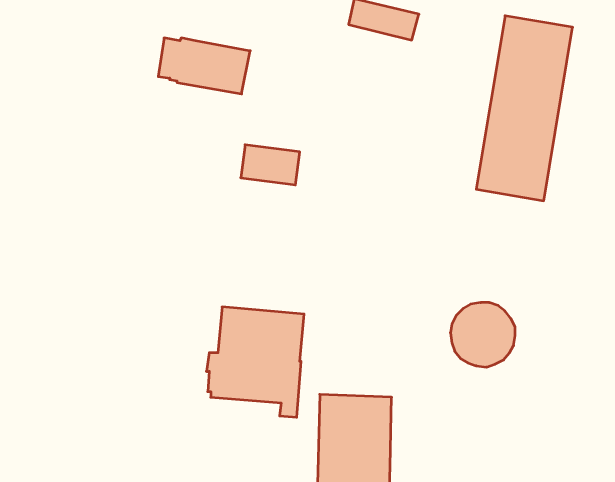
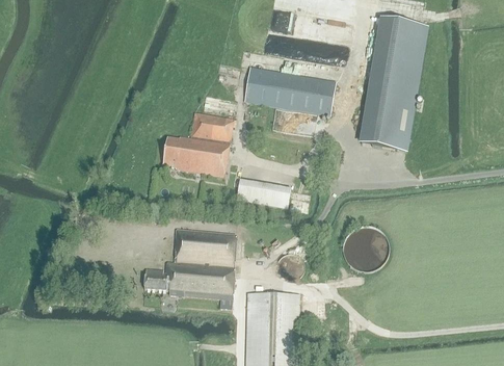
building: [158,38,250,94] -> [162,135,229,176]
building: none -> [242,66,335,114]
building: none -> [233,177,289,205]
building: none -> [143,267,166,289]

